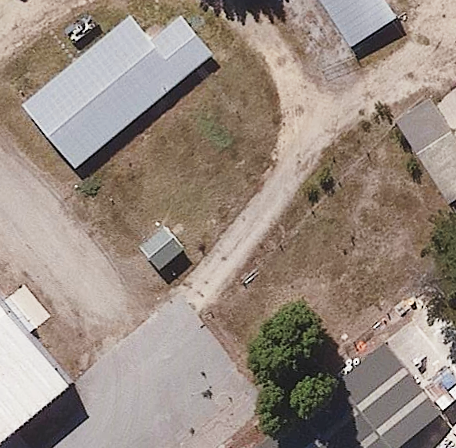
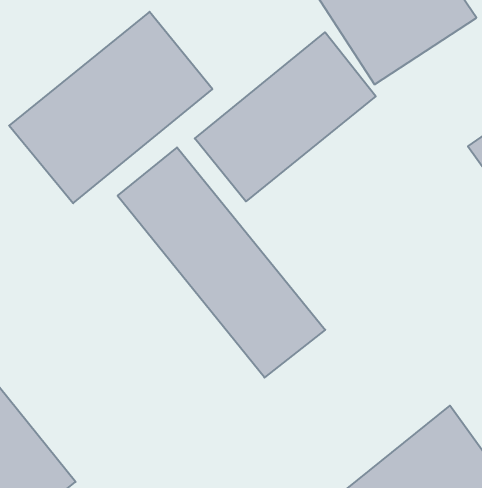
building: none -> [195,32,376,201]
building: none -> [118,147,325,378]

